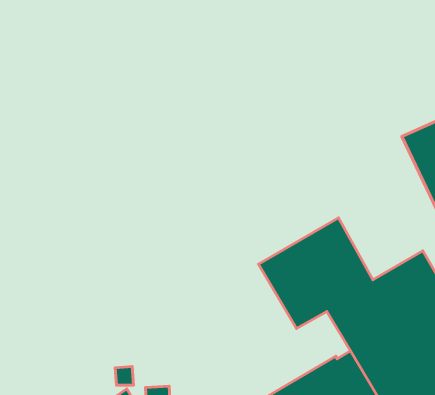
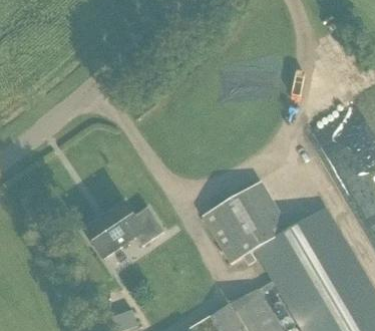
building: none -> [84,204,164,261]

